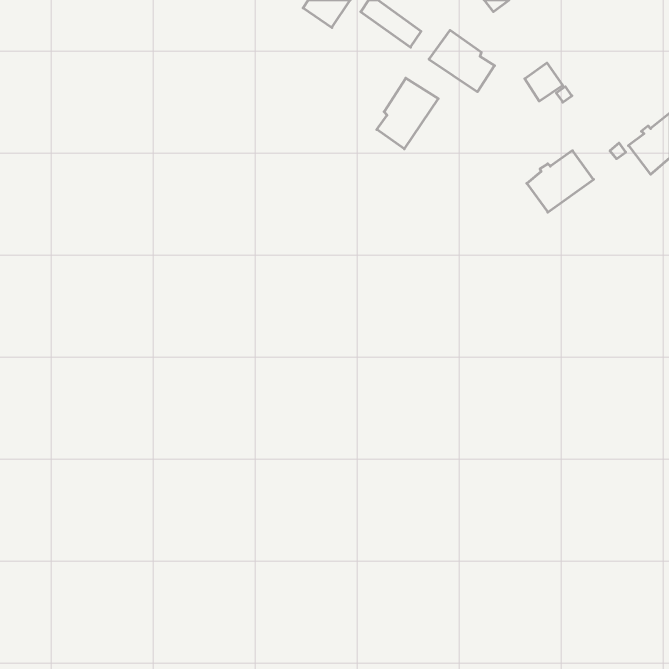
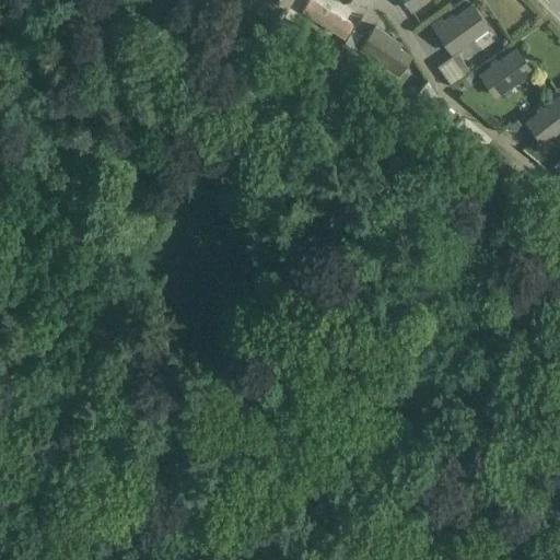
building: none -> [433,5,489,52]
building: [377,78,438,149] -> none
building: [527,151,594,212] -> [479,48,535,100]

